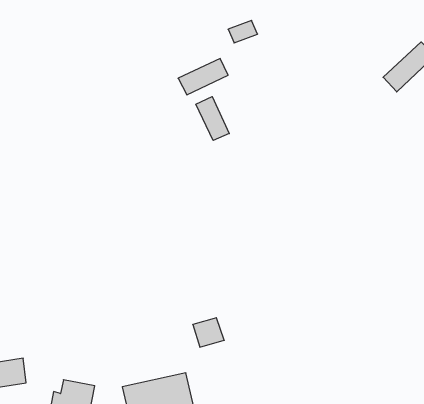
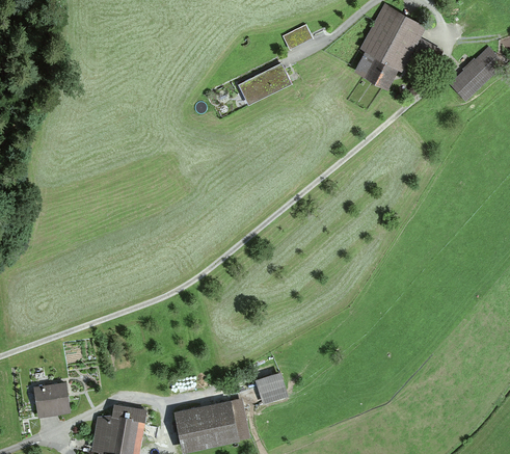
building: none -> [358,8,419,90]
building: [196,97,229,140] -> none
building: [193,318,224,347] -> [258,373,291,404]

